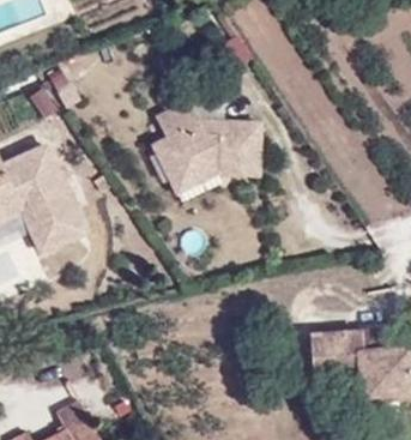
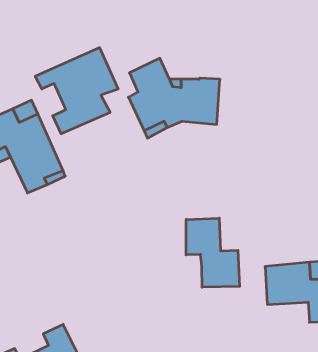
building: none -> [35,48,118,134]
building: none -> [186,218,240,287]

